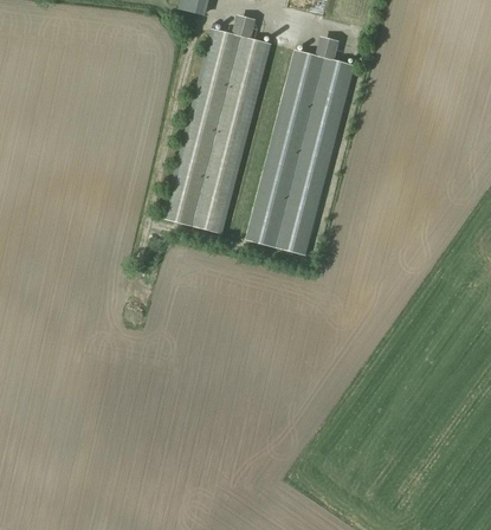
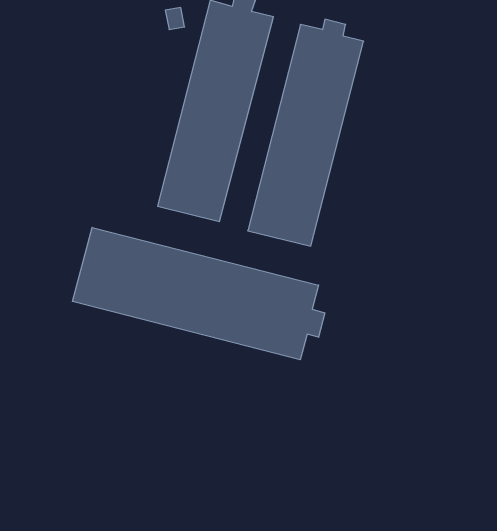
building: none -> [72,227,325,360]

